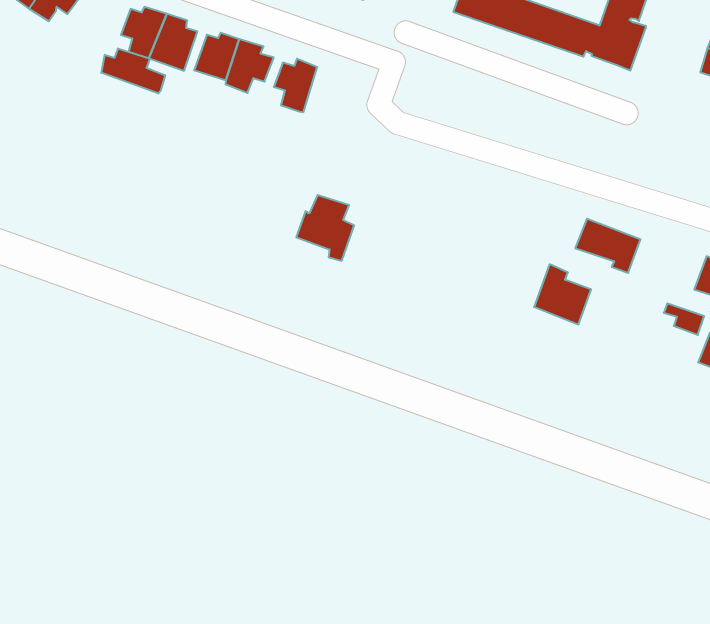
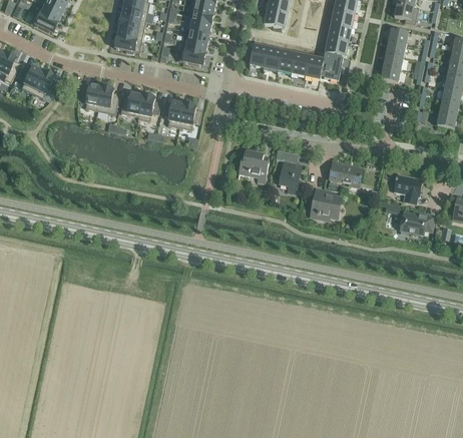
building: [101,48,165,94] -> none
building: none -> [179,102,201,129]
building: none -> [276,150,302,193]
building: [296,195,354,261] -> [239,149,268,181]

